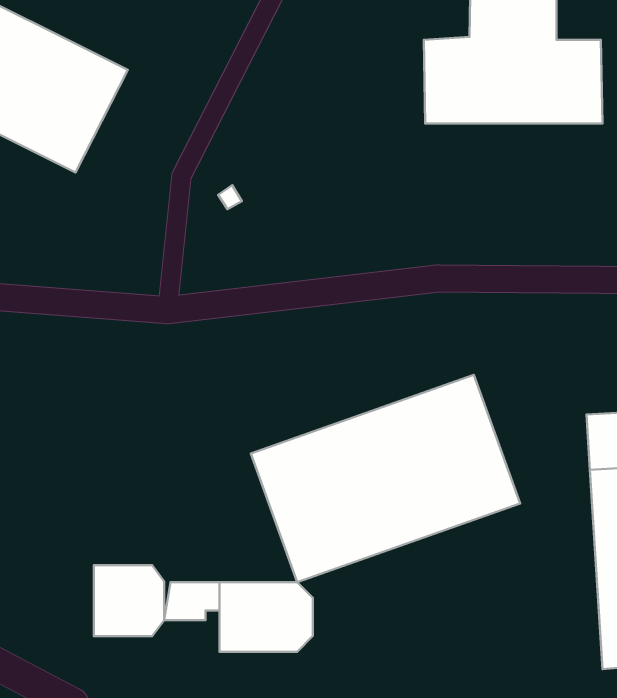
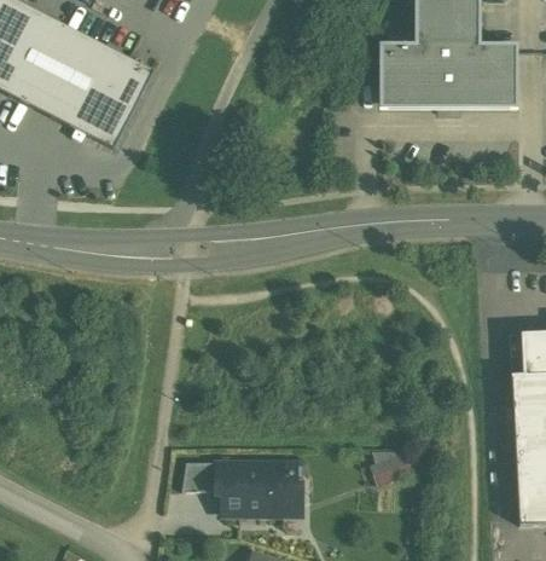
building: [251,375,520,582] -> none
building: [94,565,164,636] -> none
building: none -> [370,447,411,482]

